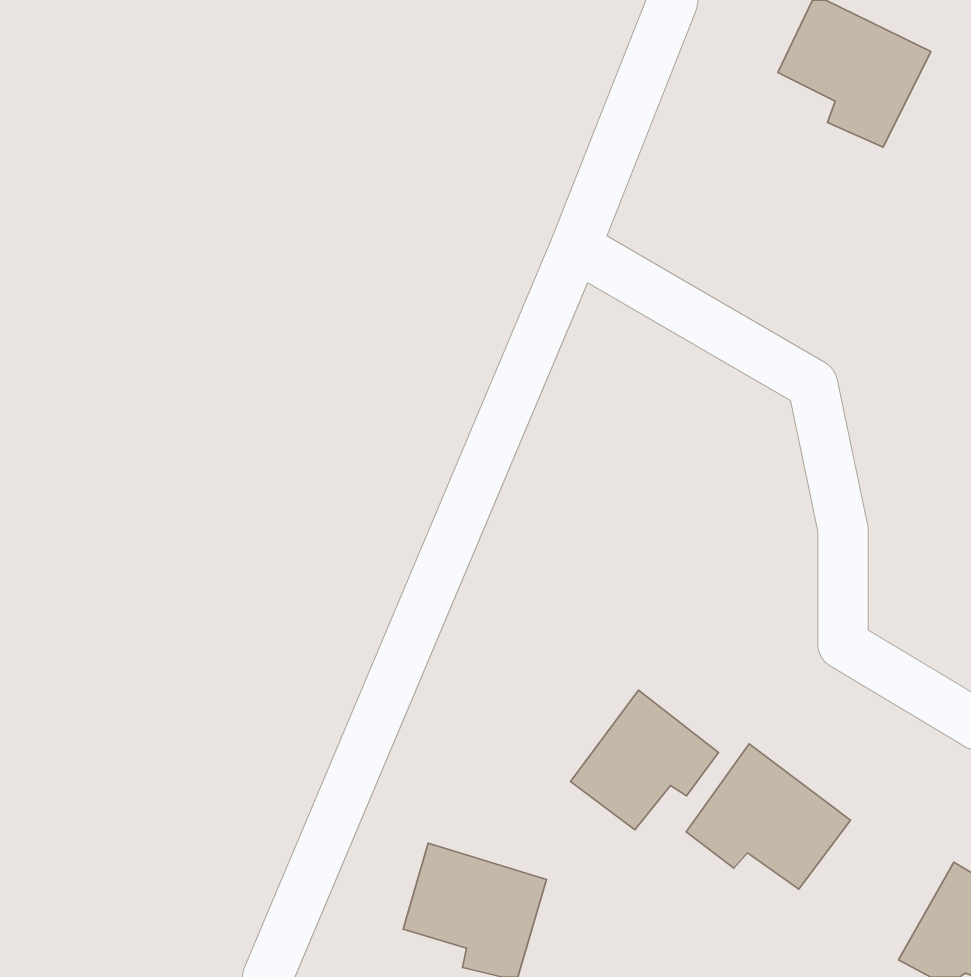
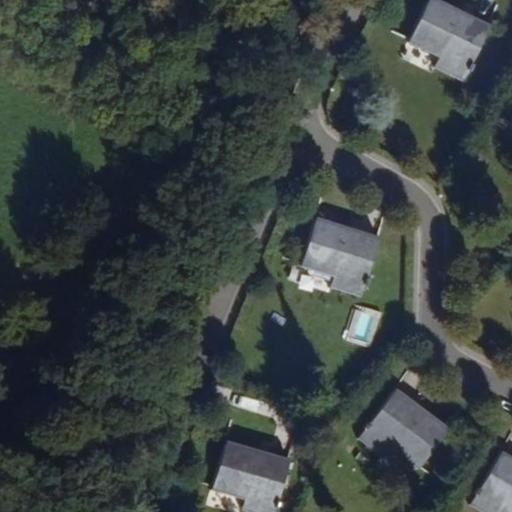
building: none -> [304,218,380,293]
building: [570,690,718,830] -> none

